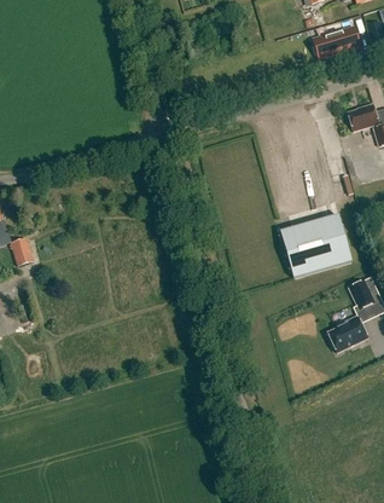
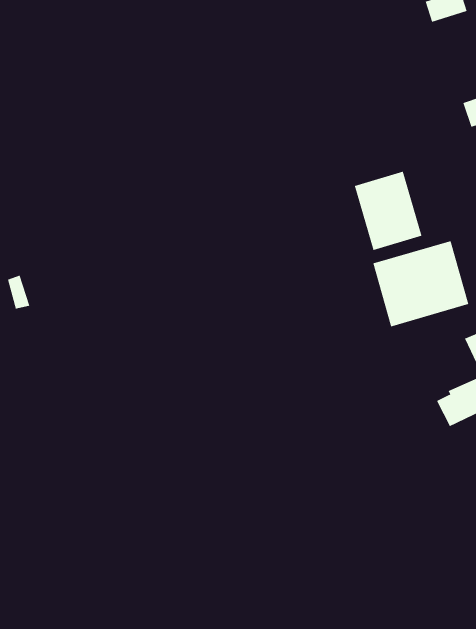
building: none -> [354,171,422,251]

